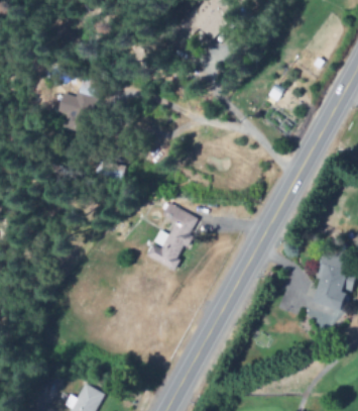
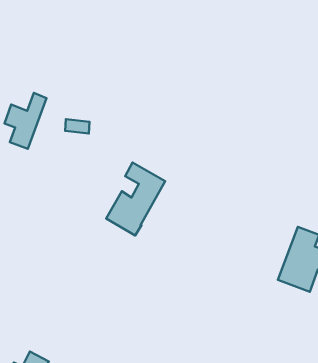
building: [57,80,95,132] -> [5,93,47,149]

